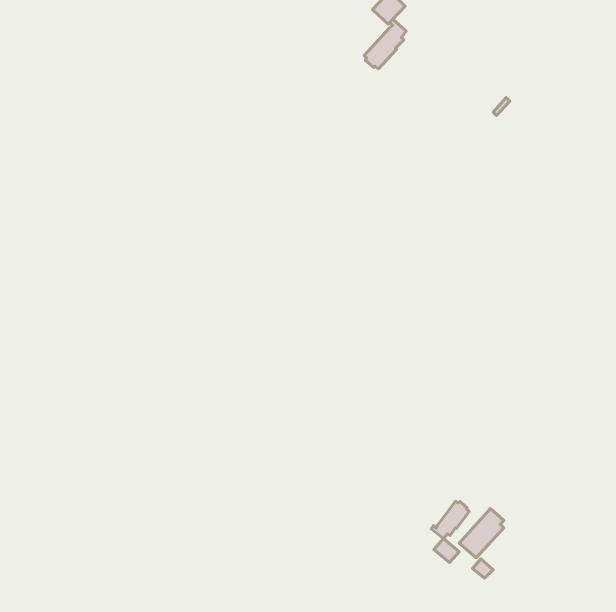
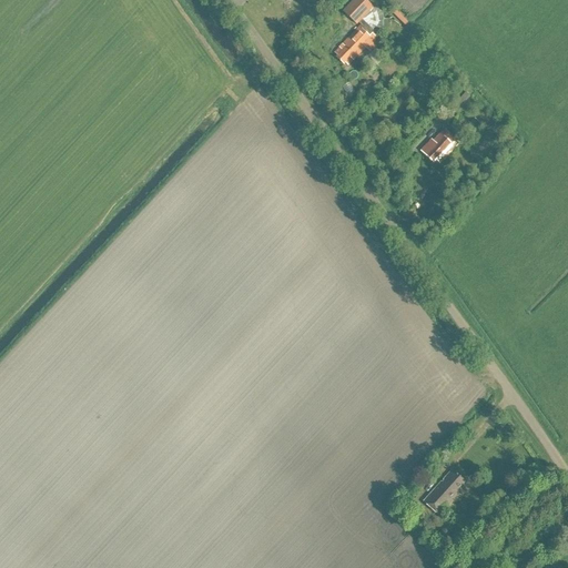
building: none -> [419,128,458,161]
building: [431,501,469,539] -> none

